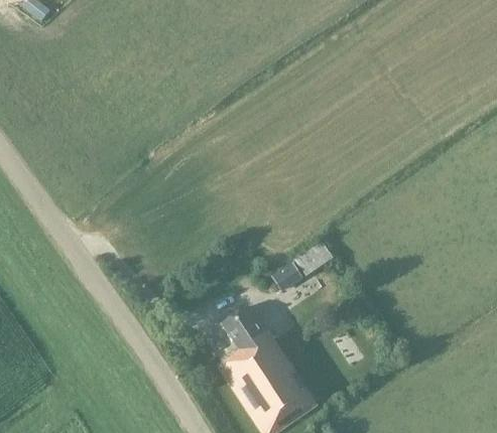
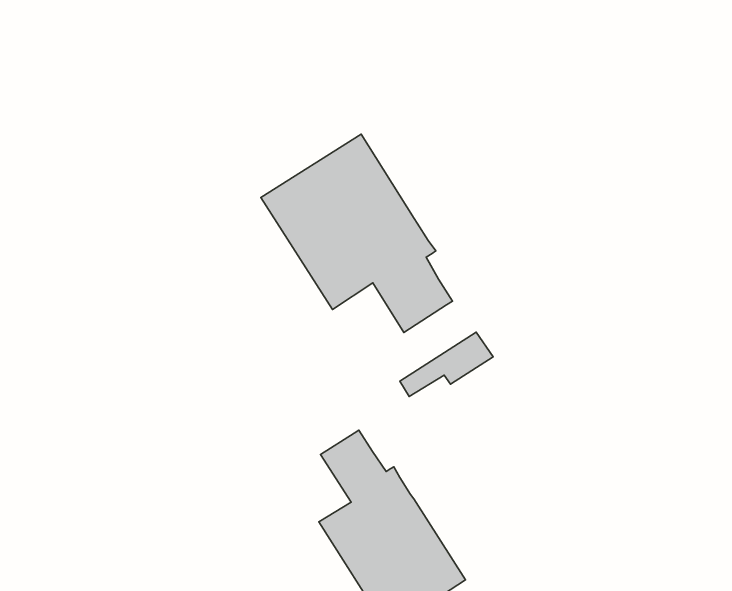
building: none -> [261,134,453,332]

